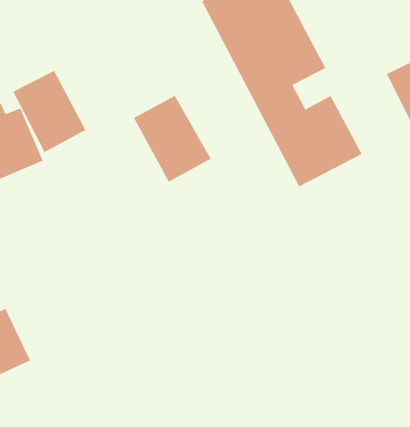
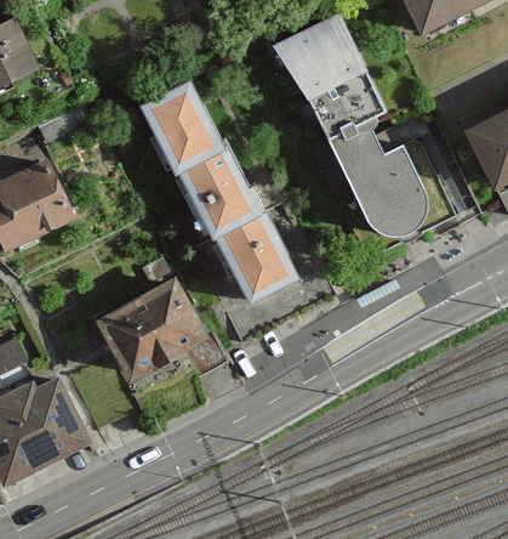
building: [12,70,86,153] -> [152,85,230,174]
building: none -> [223,217,304,303]
building: none -> [98,276,198,370]

